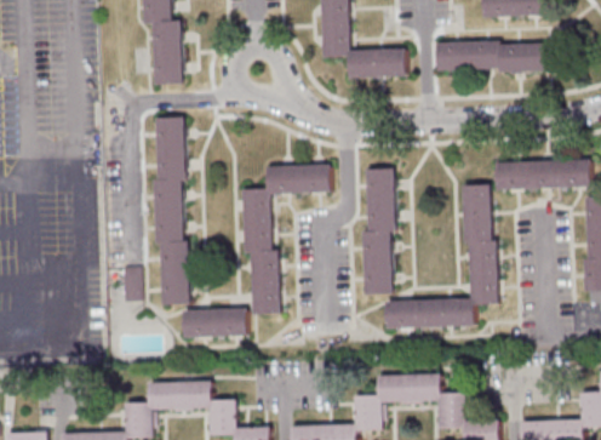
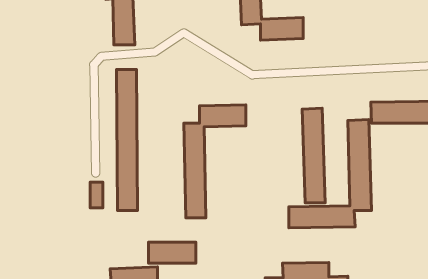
building: [435,40,551,72] -> none
building: [362,167,393,293] -> [302,108,325,203]
building: [182,308,245,336] -> [148,242,196,263]

